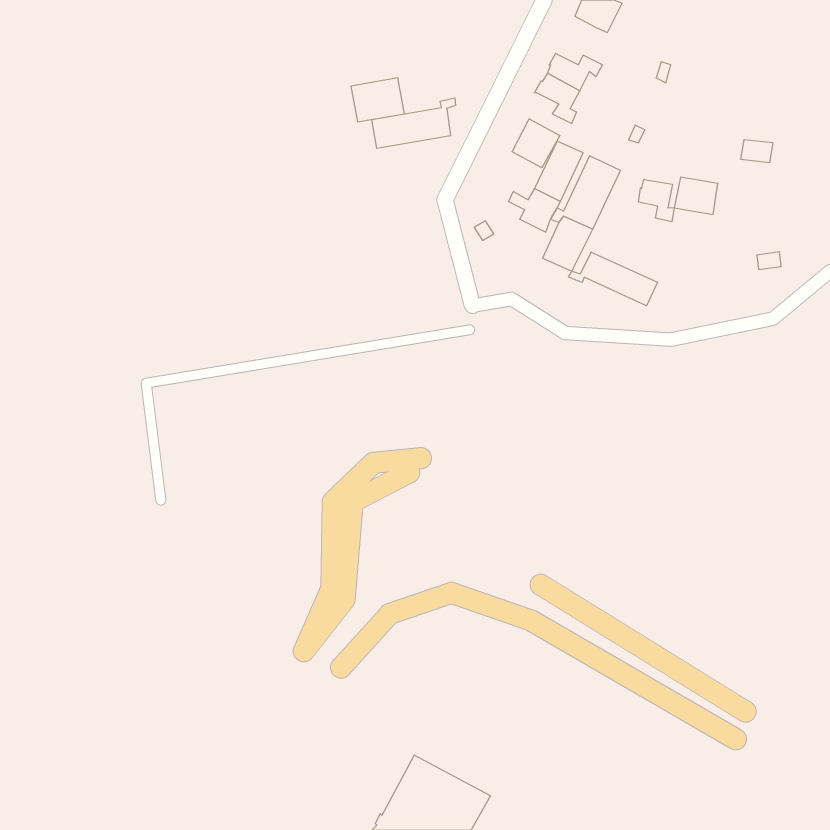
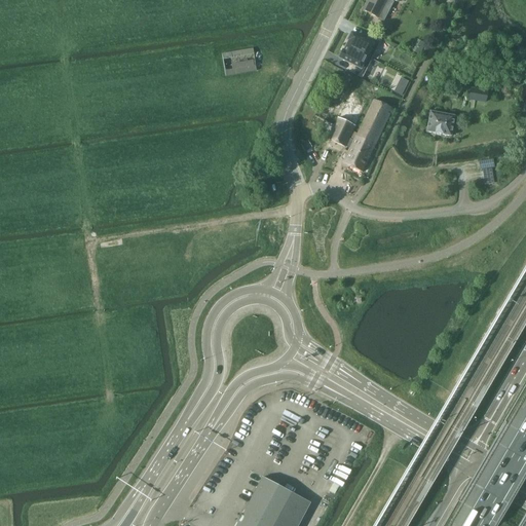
building: [372,98,456,148] -> none
building: [512,119,560,168] -> none
building: [638,179,674,222] -> none
building: [568,252,657,306] -> none

